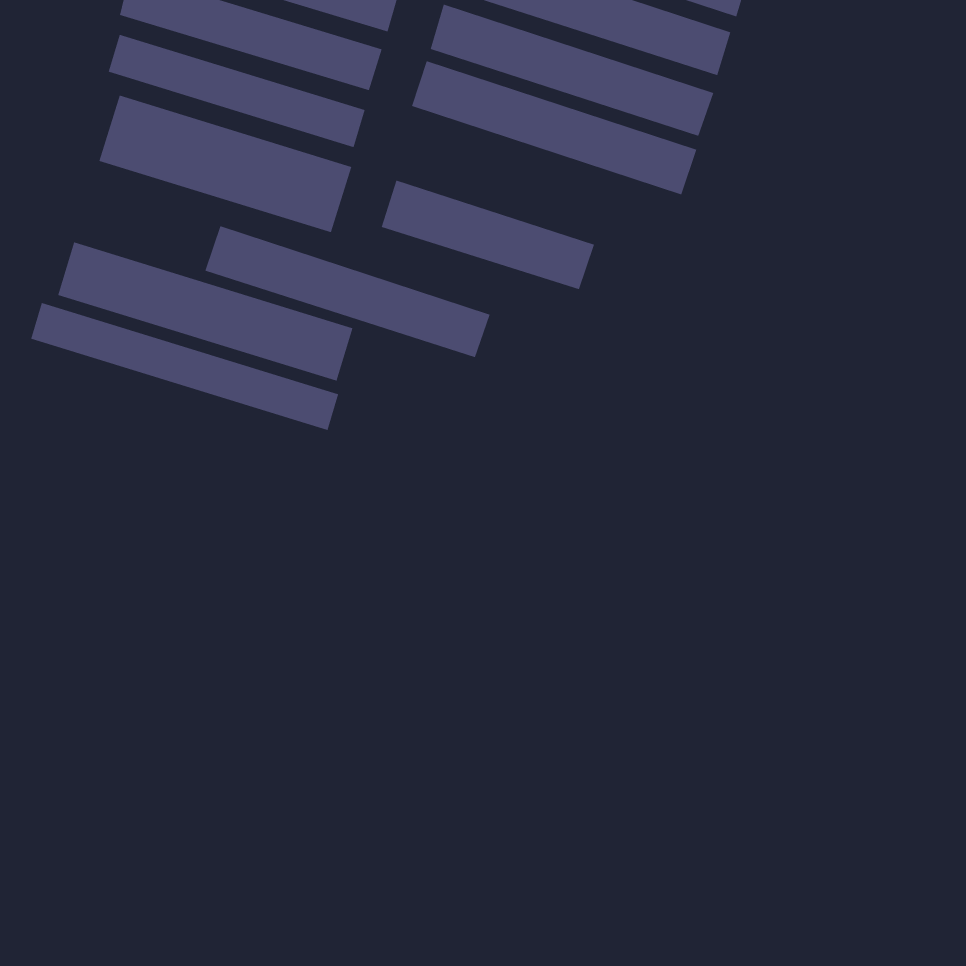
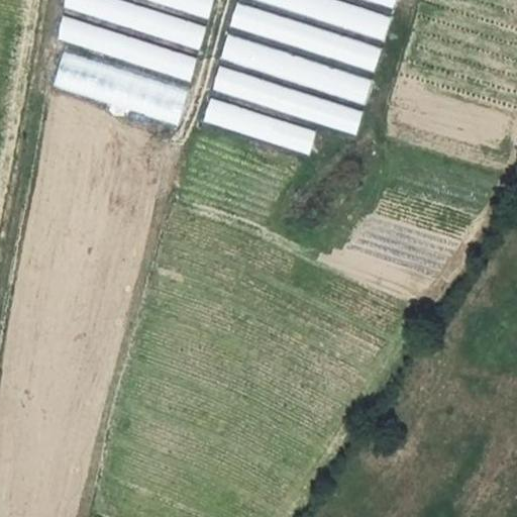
building: [205,225,491,358] -> [211,65,364,135]
building: [57,242,353,382] -> none
building: [30,302,339,431] -> none

